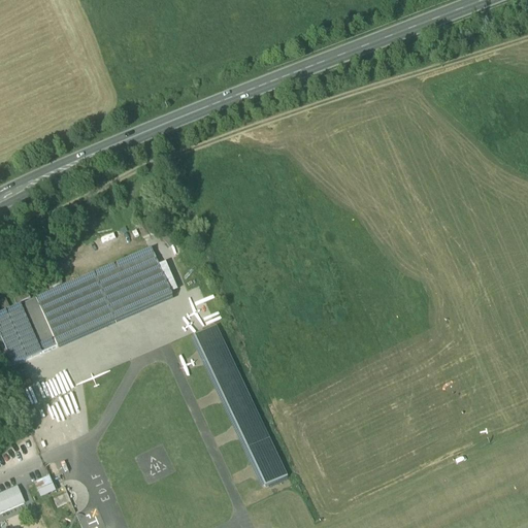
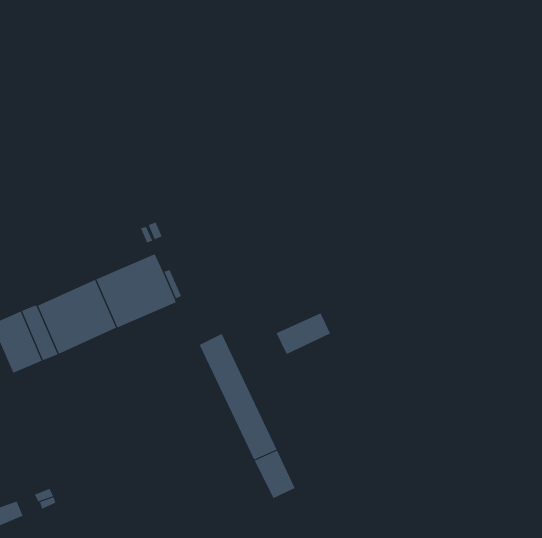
building: none -> [276,313,331,355]

